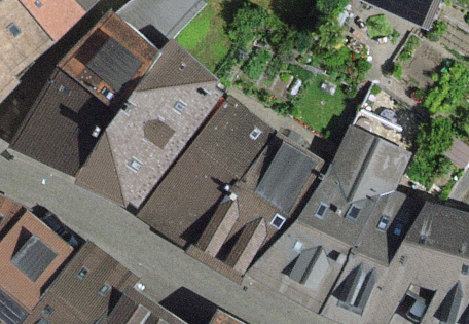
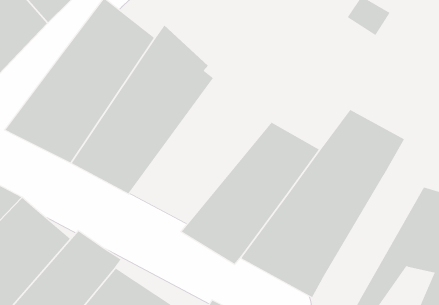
building: [137,98,276,247] -> none
building: [327,191,427,315] -> none

